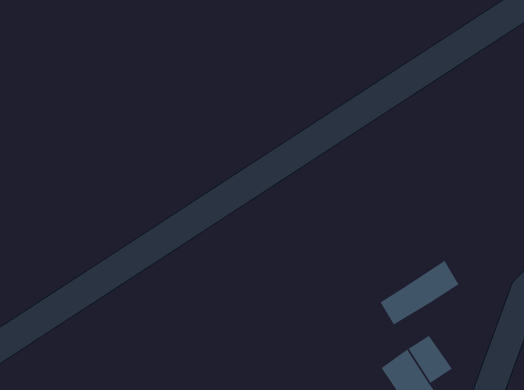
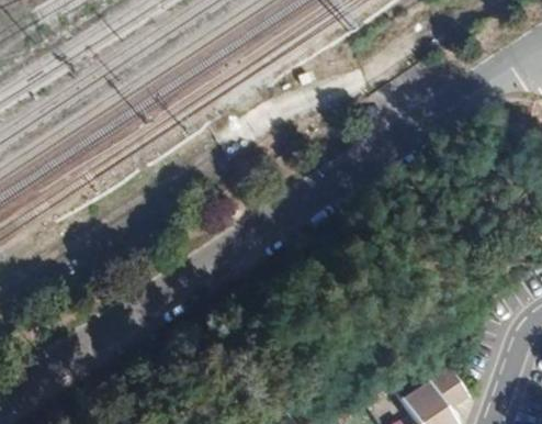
building: [379,260,459,326] -> none

